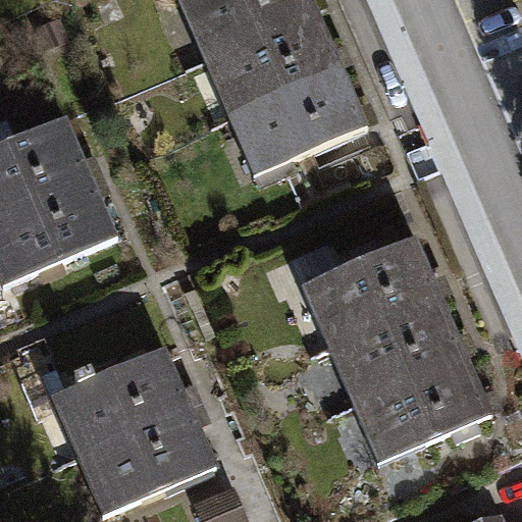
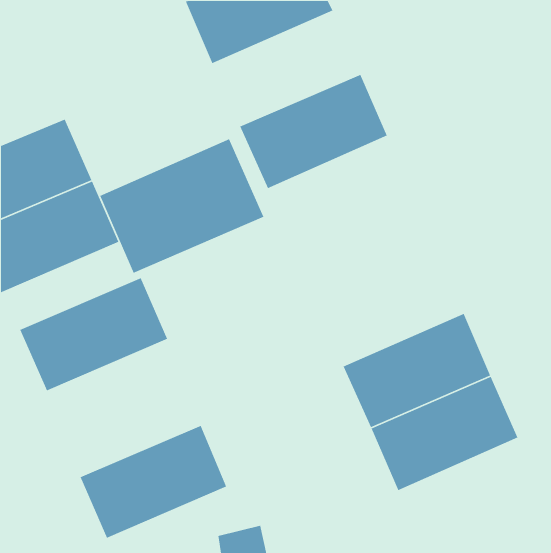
building: [203,12,343,120] -> none
building: none -> [99,138,264,274]
building: [300,238,439,346] -> none
building: [53,343,193,450] -> [19,277,168,391]

